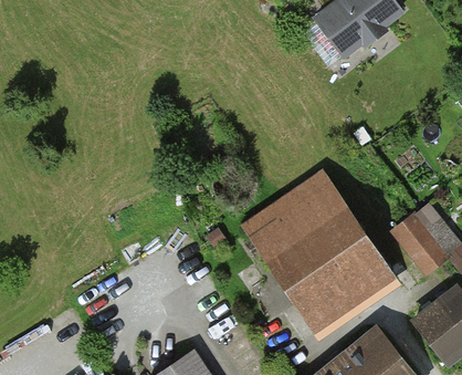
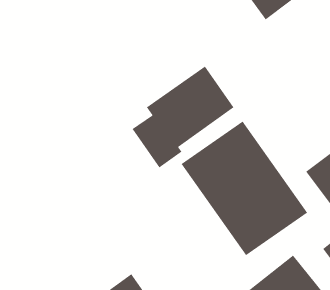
building: none -> [132,66,235,169]

